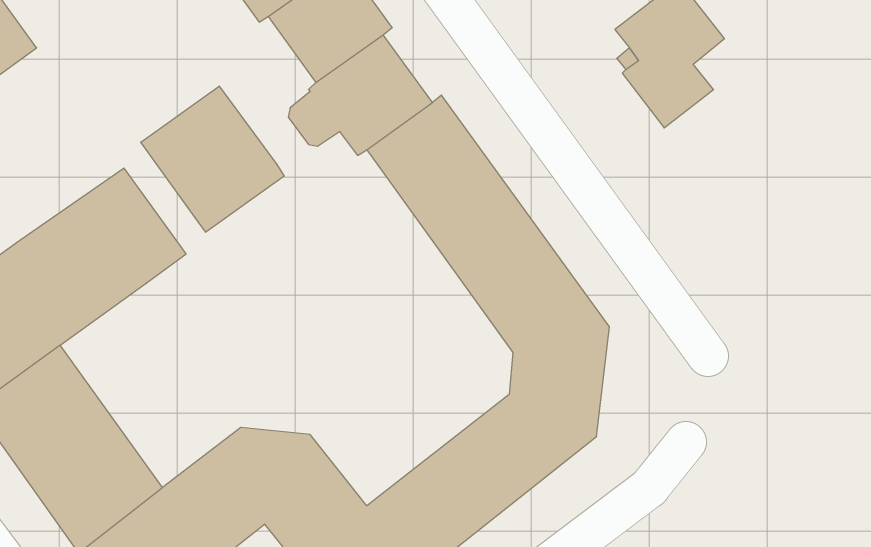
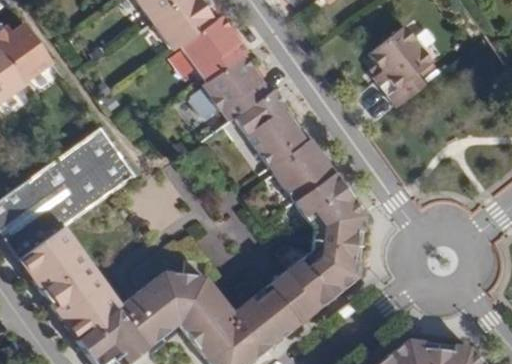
building: [141,86,284,232] -> none

